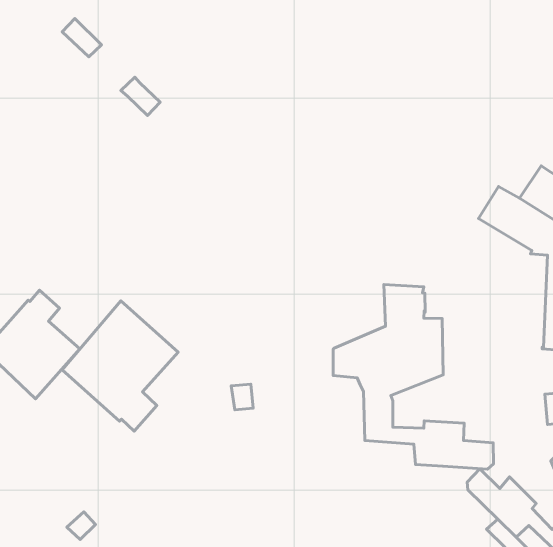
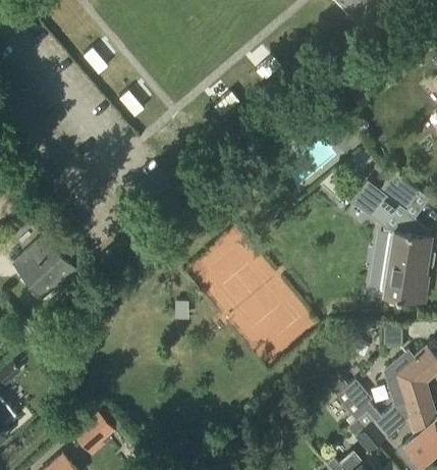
building: [333,285,493,469] -> none
building: [62,301,178,431] -> none

